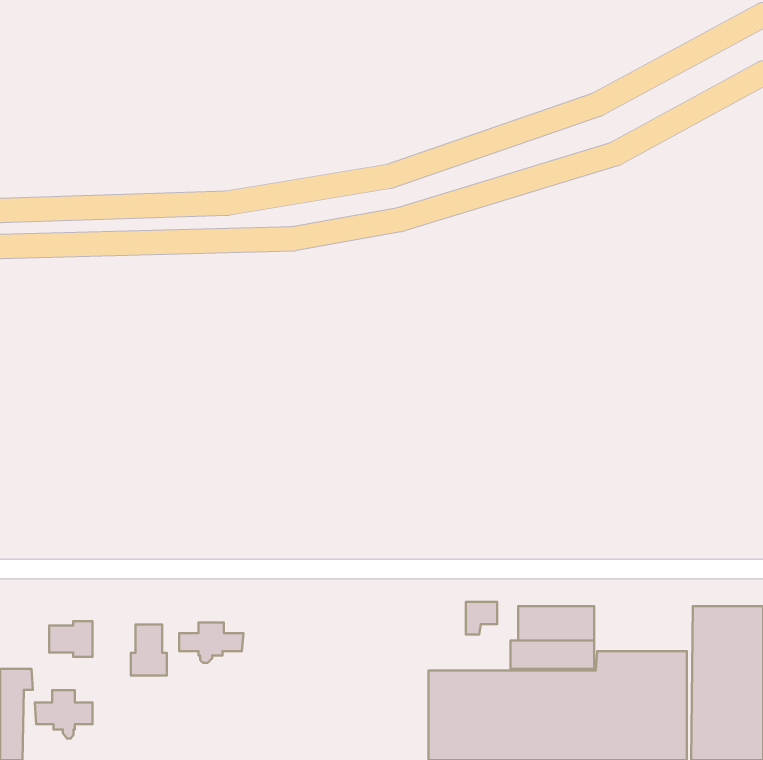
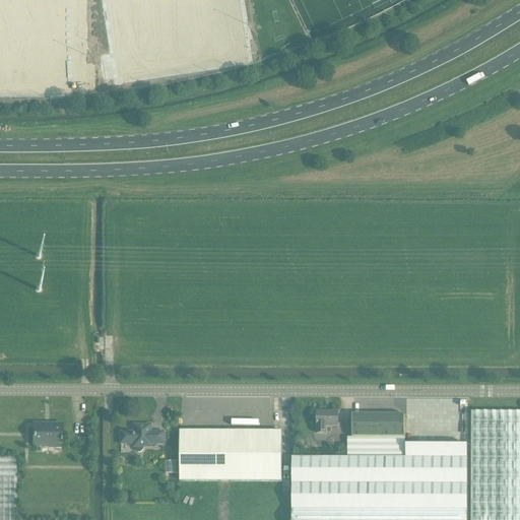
building: [131,625,167,676] -> none
building: none -> [179,429,282,479]
building: [35,690,92,738] -> none

